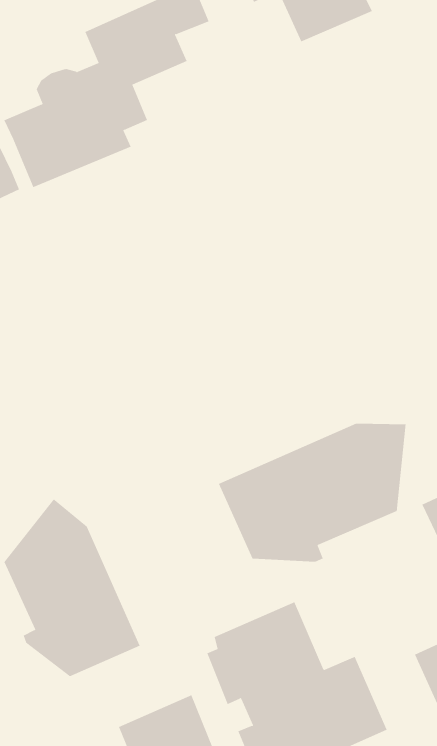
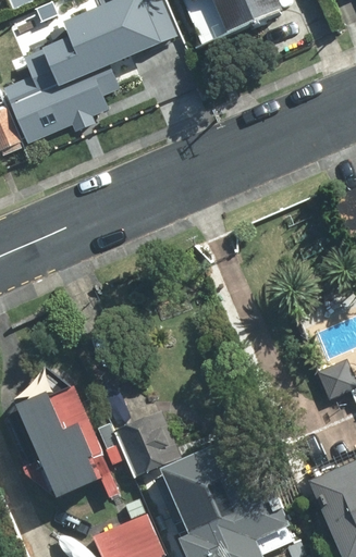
building: [218,423,406,563] -> none
building: none -> [118,412,180,475]

